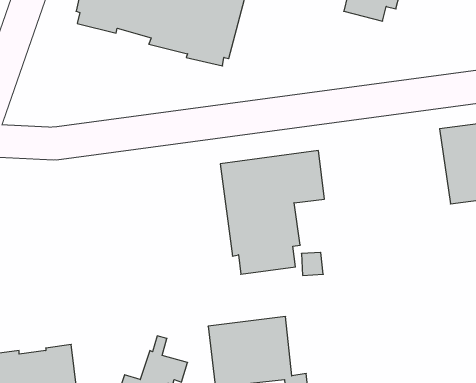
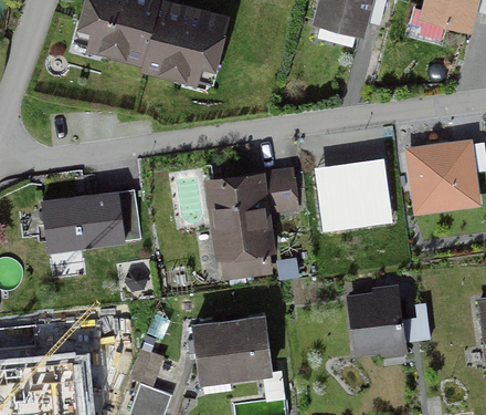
building: none -> [314,157,392,232]
building: none -> [41,189,141,255]
building: none -> [348,284,431,354]

